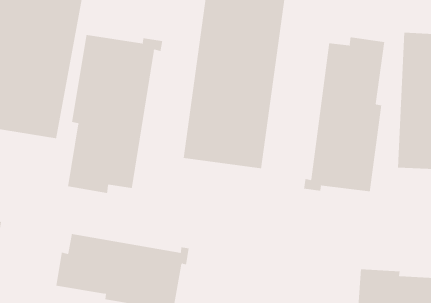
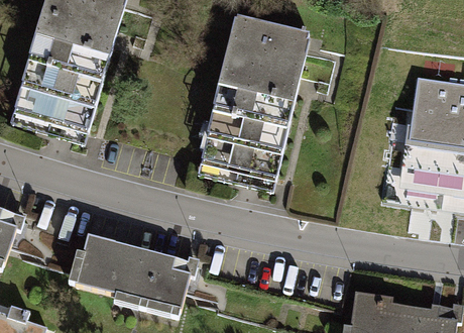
building: [67,34,163,194] -> none
building: [304,36,385,192] -> none

